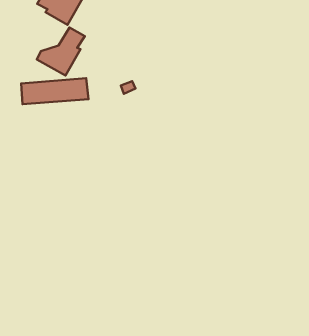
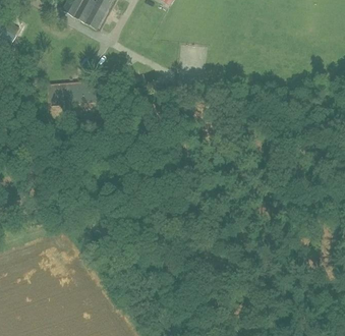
building: [37,27,85,76] -> none

